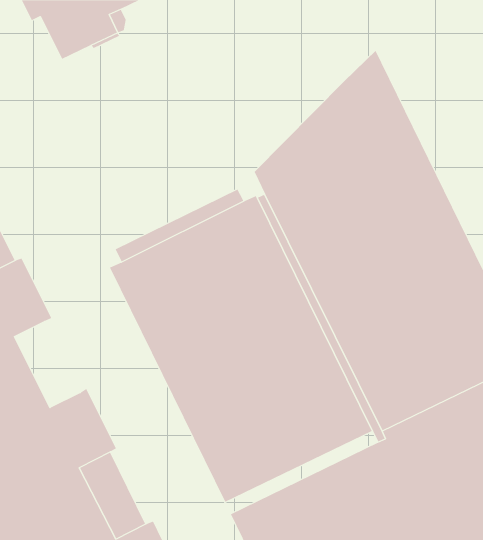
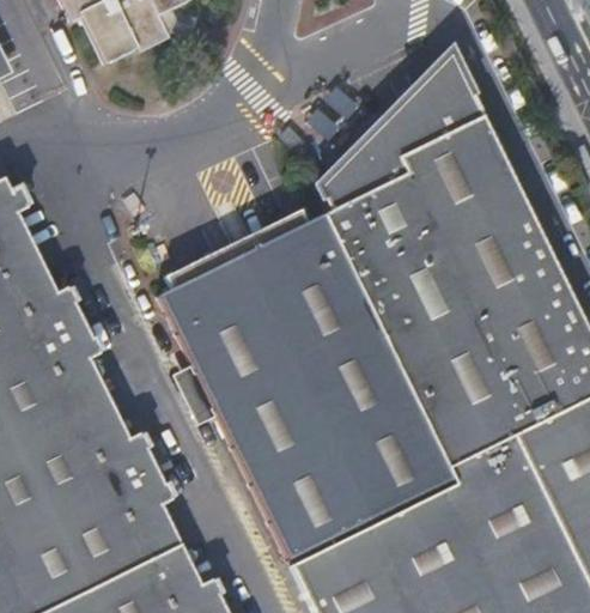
building: none -> [53,358,126,454]

